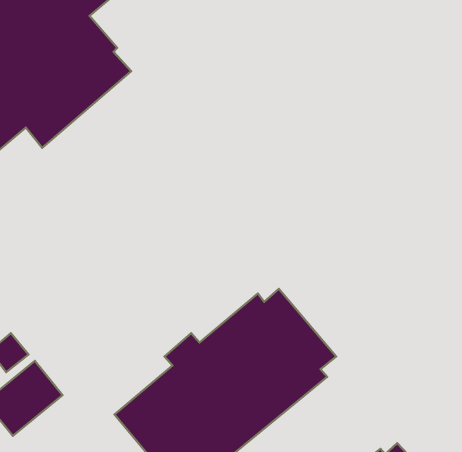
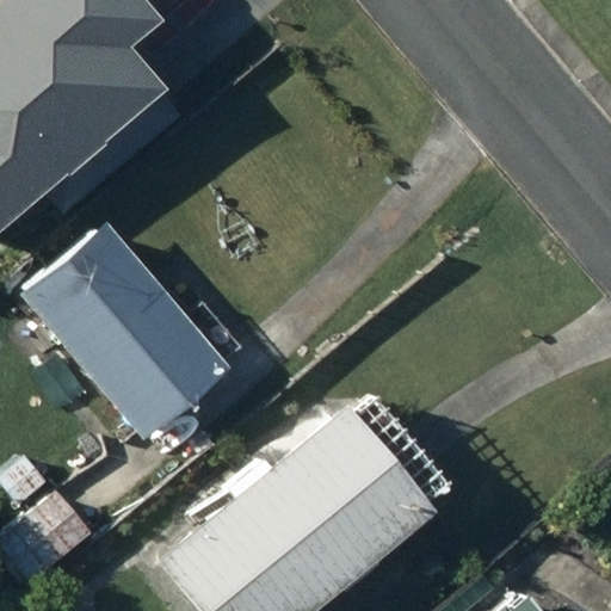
building: none -> [17,220,229,442]

